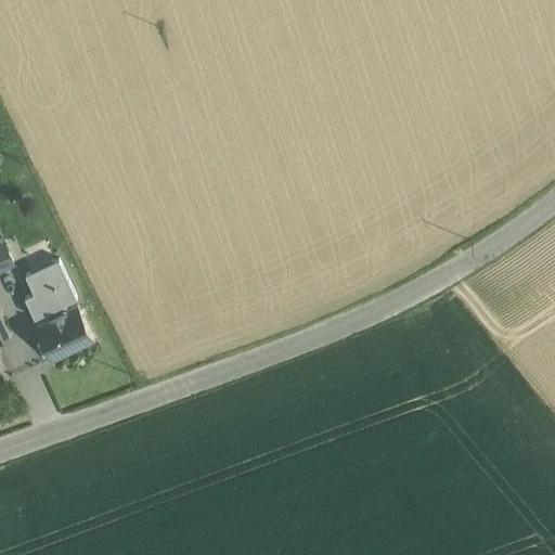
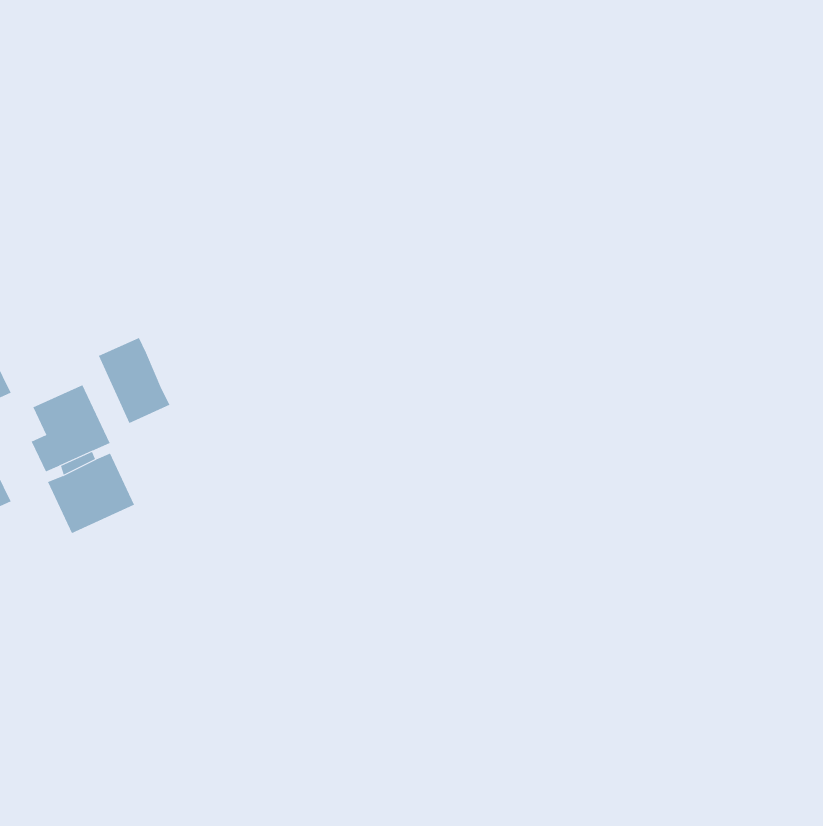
building: none -> [98,337,170,424]

